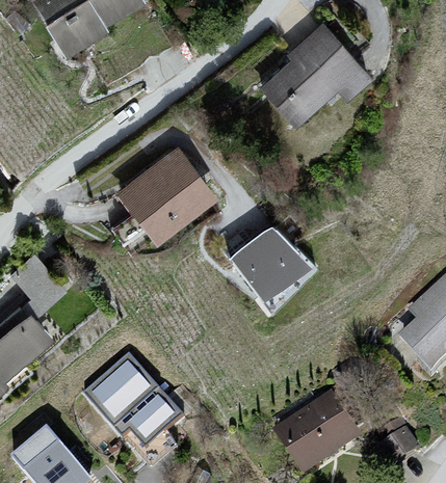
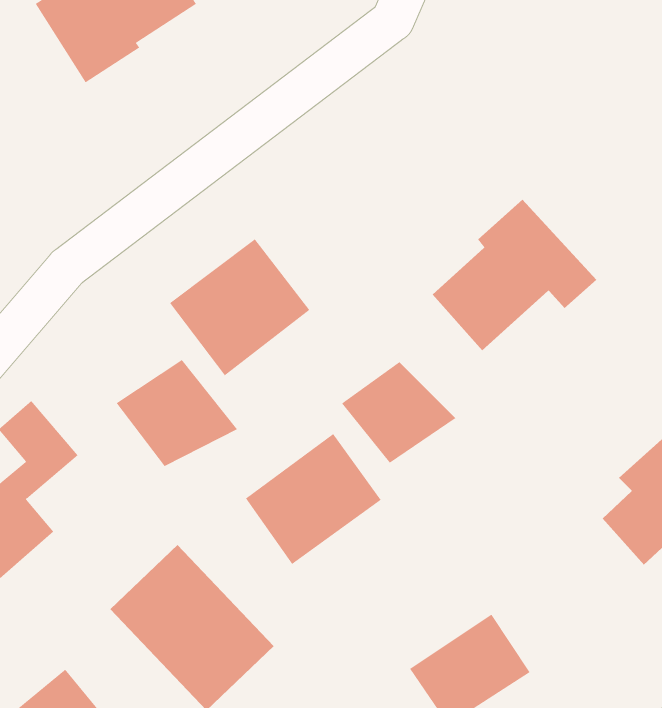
building: [263,28,369,126] -> [432,199,597,351]
building: none -> [116,359,238,467]
building: none -> [245,433,382,565]

